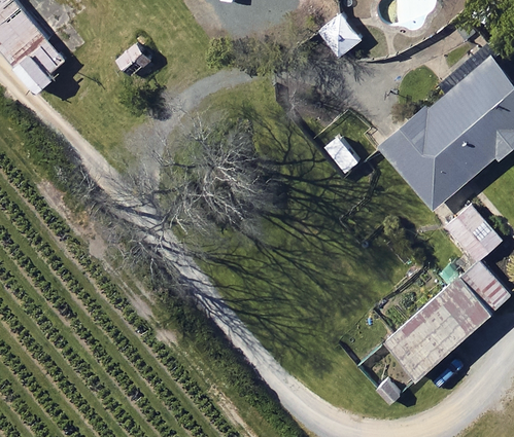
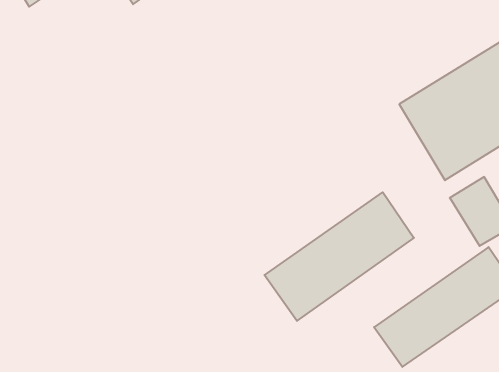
building: none -> [264,192,414,321]

